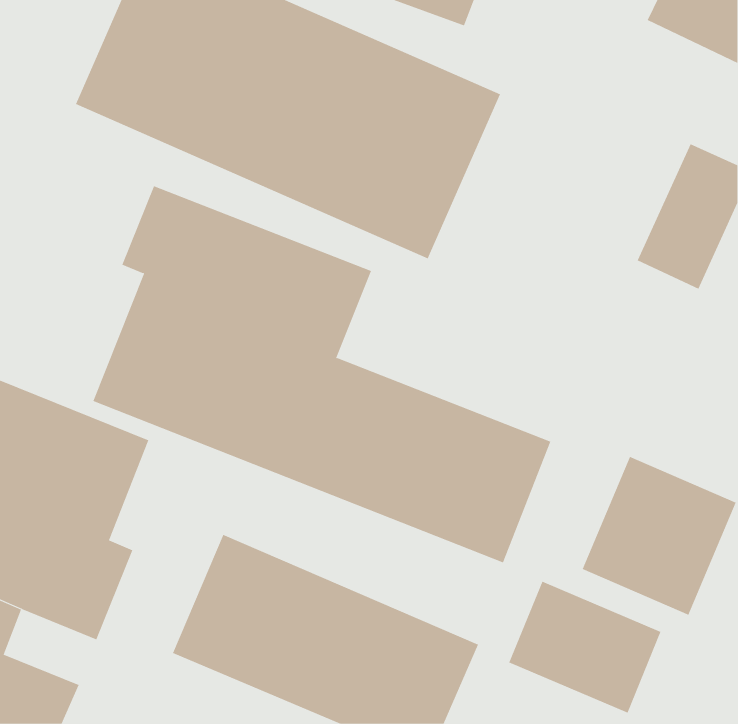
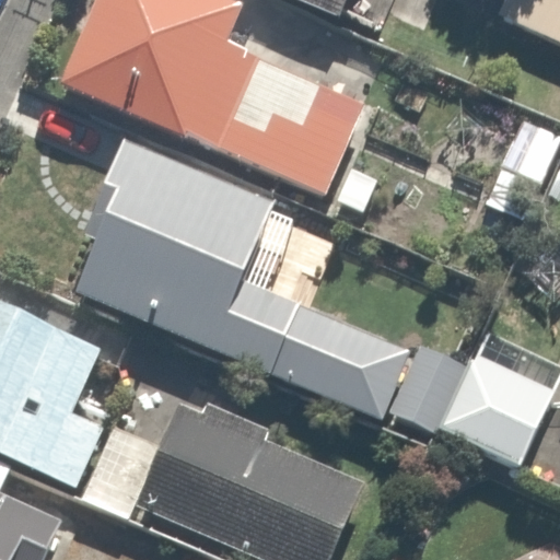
building: [509,581,661,713] -> none

